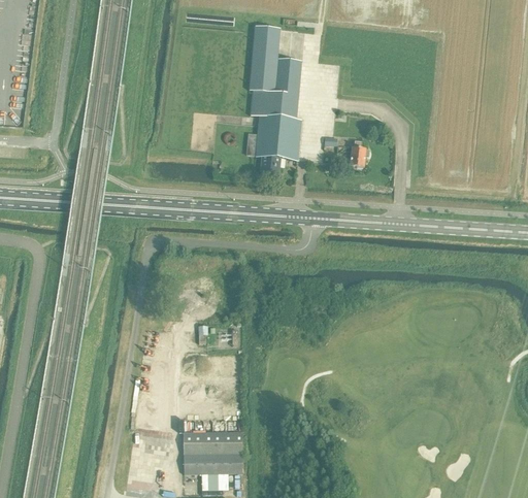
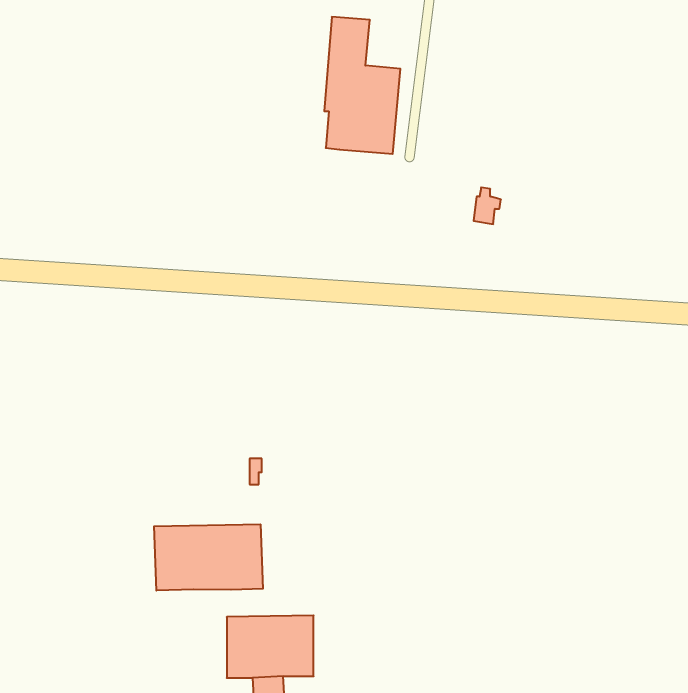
building: [256,114,301,175] -> none
building: none -> [154,524,263,591]

